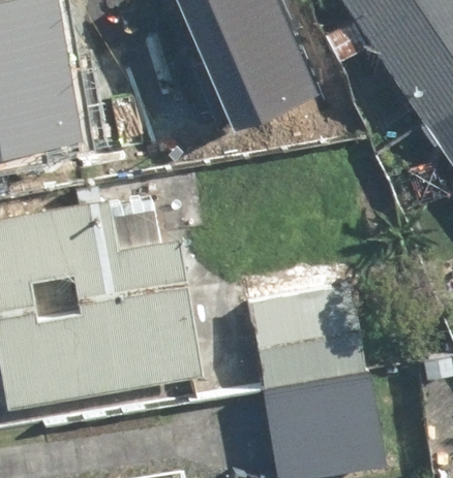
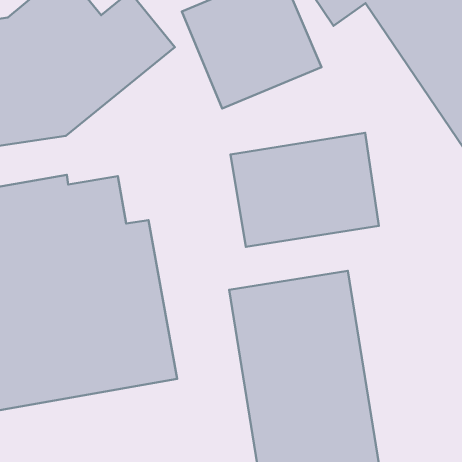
building: none -> [231,133,379,247]

